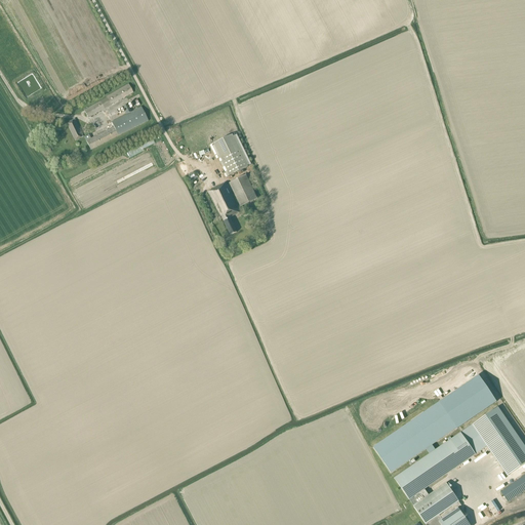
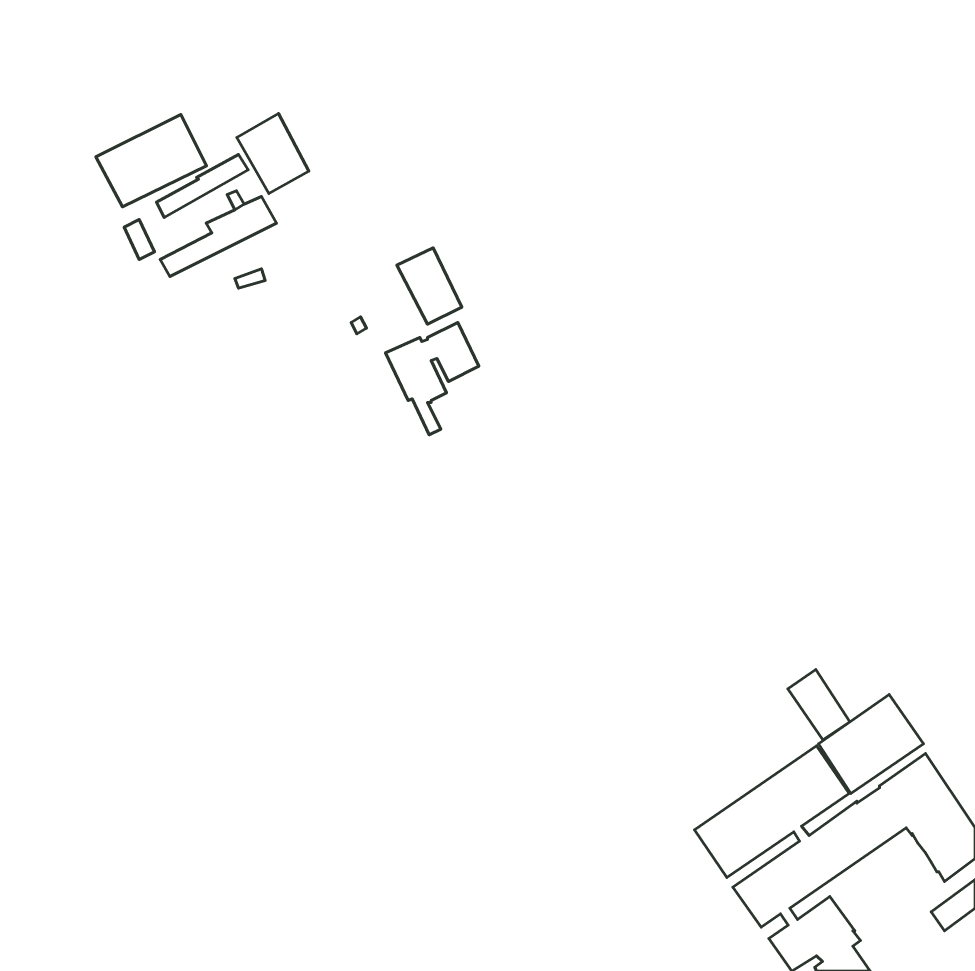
building: none -> [237,113,309,194]
building: none -> [96,114,206,207]
building: none -> [788,670,850,740]

